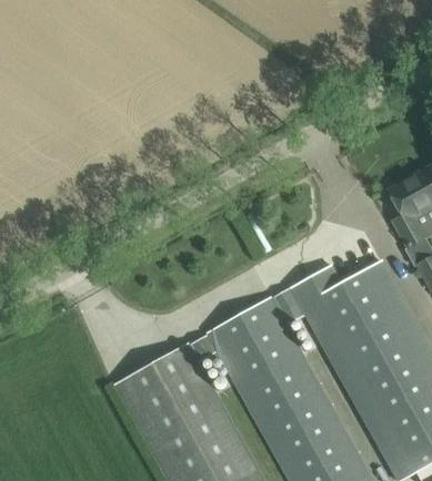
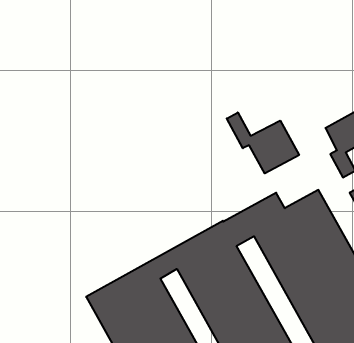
building: none -> [227,112,299,173]

